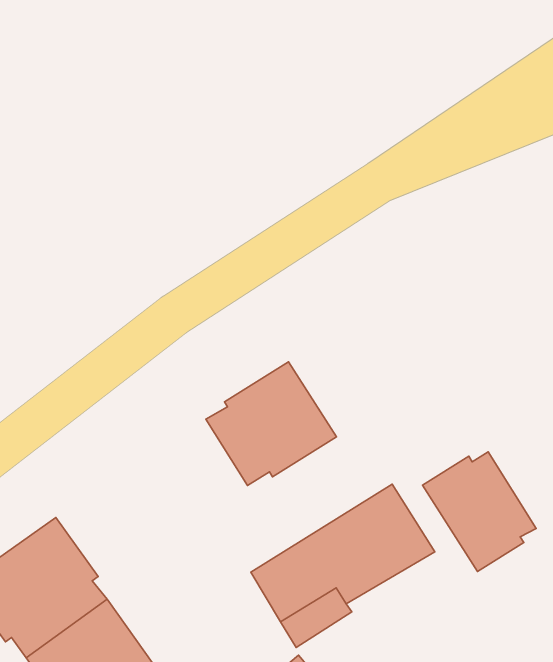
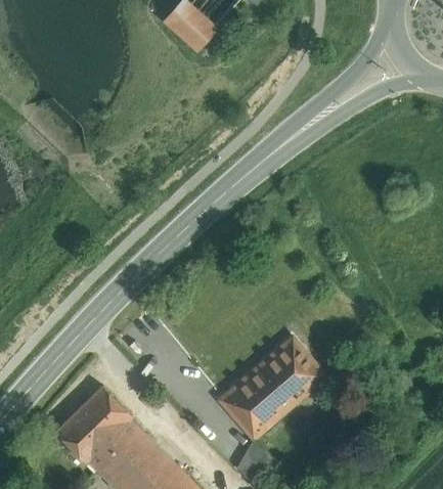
building: [206,362,337,485] -> none
building: [422,452,536,571] -> none

